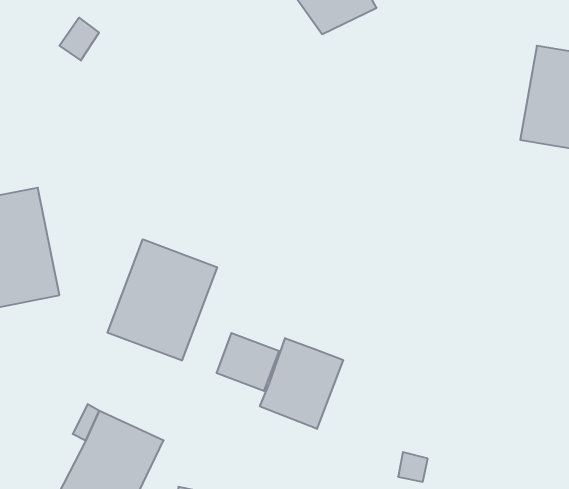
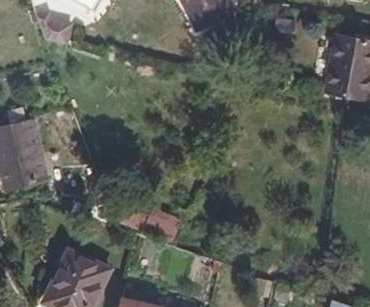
building: [107,239,217,361] -> none
building: [260,338,343,429] -> none

